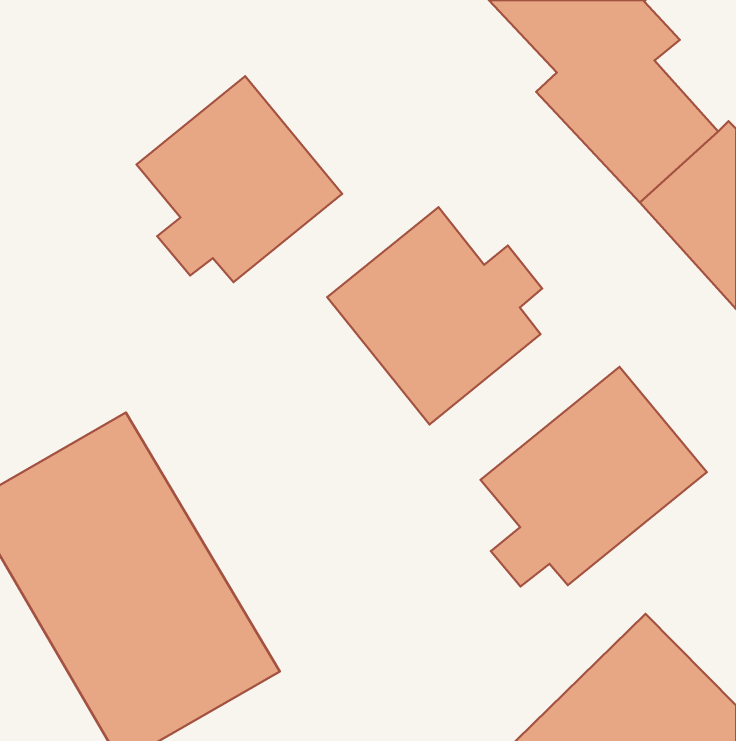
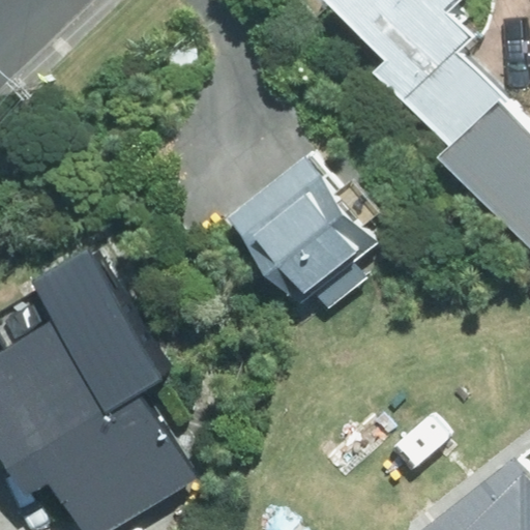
building: [136,76,342,282] -> none
building: [480,367,707,586] -> none

